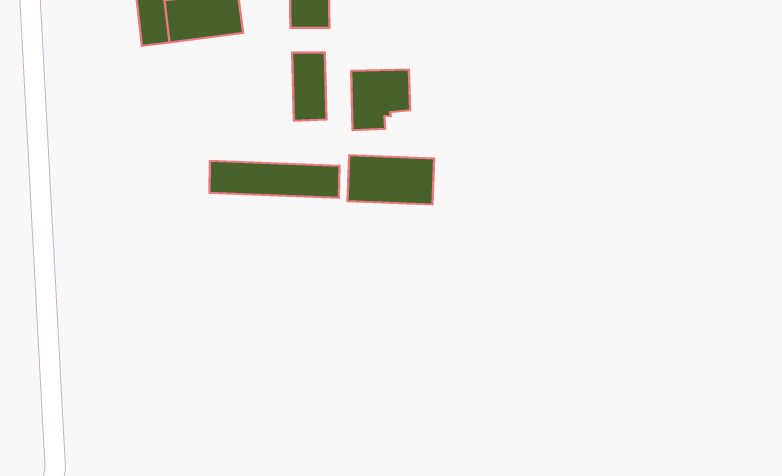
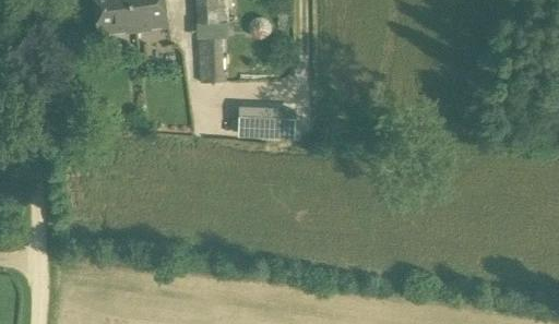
building: [351,70,410,130] -> none
building: [209,161,339,198] -> none

